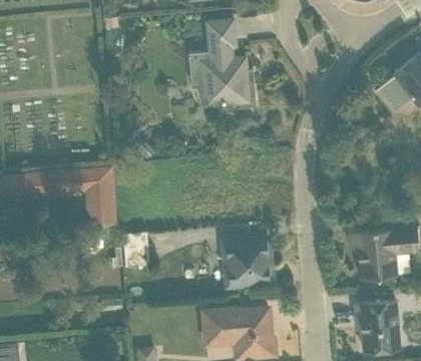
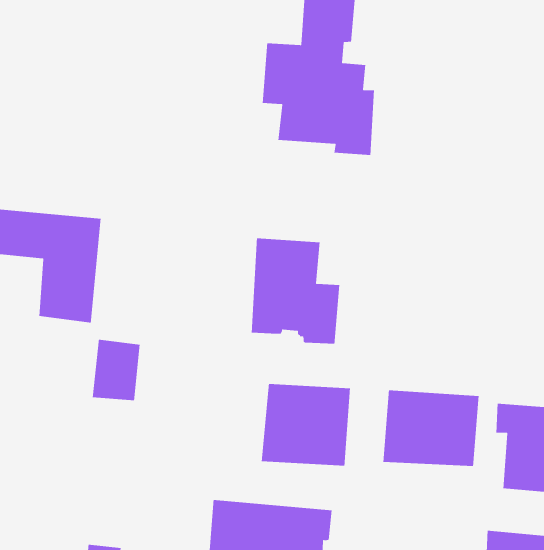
building: none -> [251,238,340,344]
building: none -> [383,390,480,467]

